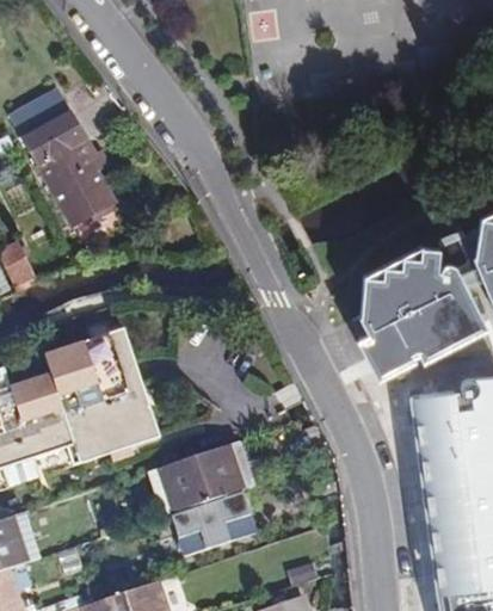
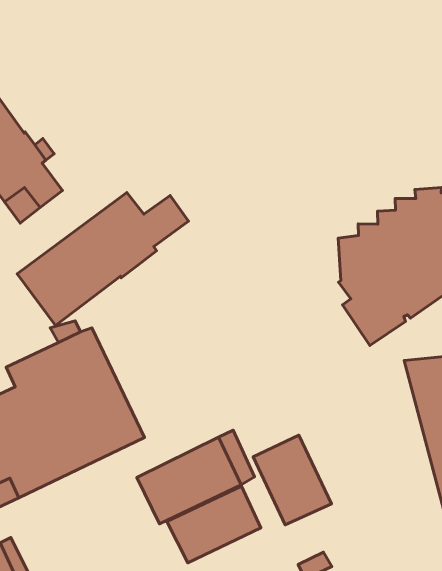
building: none -> [17,192,188,325]
building: none -> [253,435,331,525]

